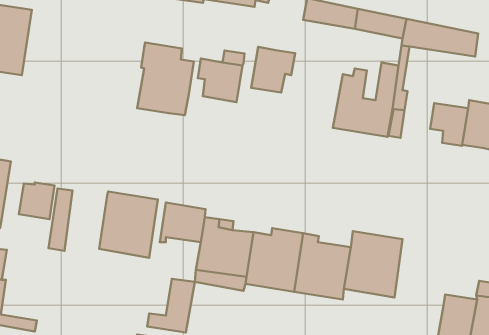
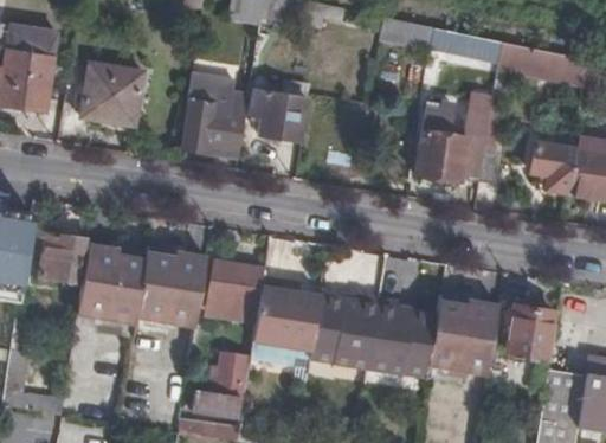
building: none -> [83,63,142,124]
building: [251,47,295,93] -> none
building: none -> [96,246,147,325]
building: none -> [507,306,553,386]

